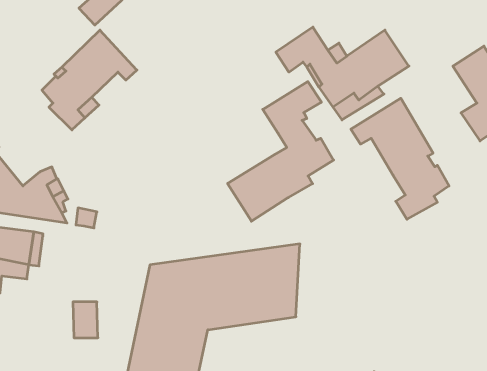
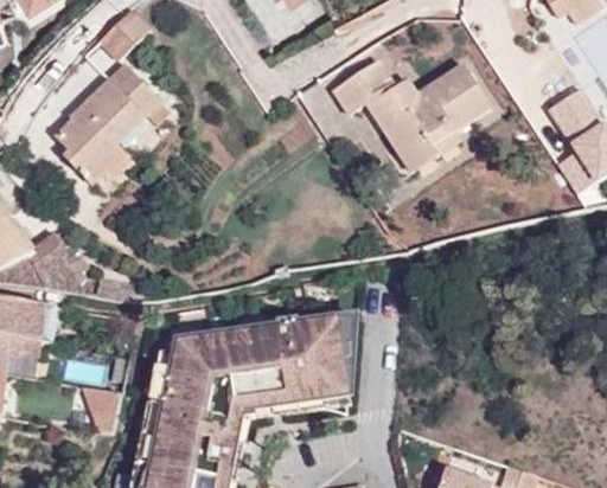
building: [228,82,334,221] -> none
building: [351,98,449,219] -> none

